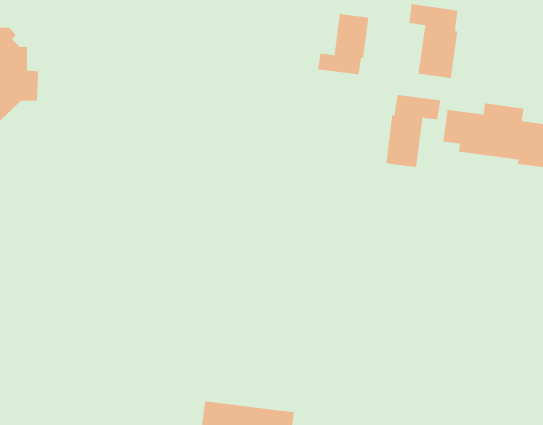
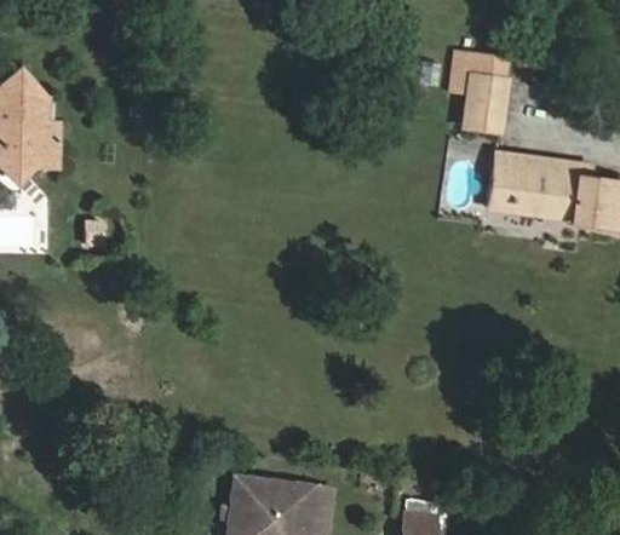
building: [317,13,369,75] -> none
building: [385,94,441,168] -> none

